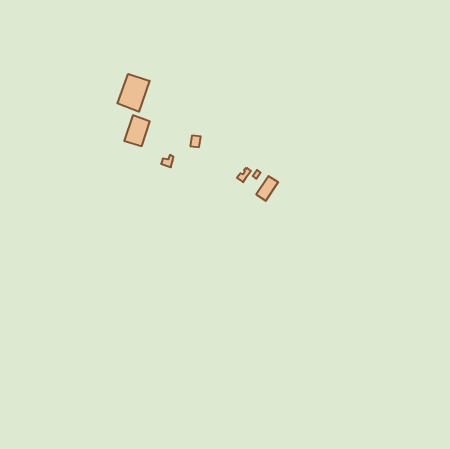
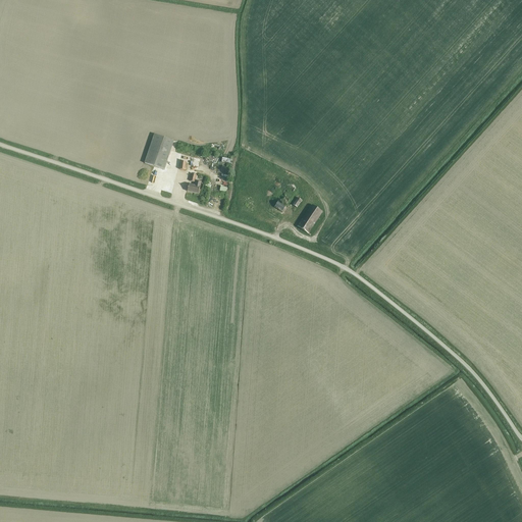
building: [117,74,150,112] -> none

